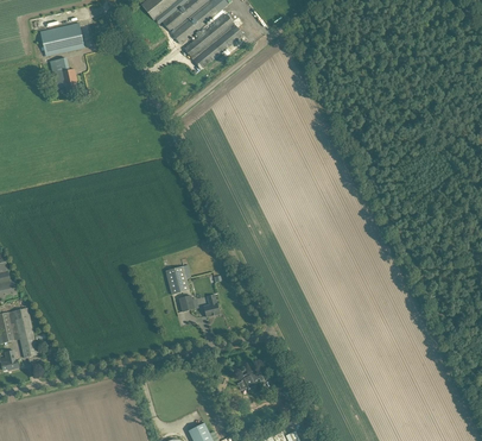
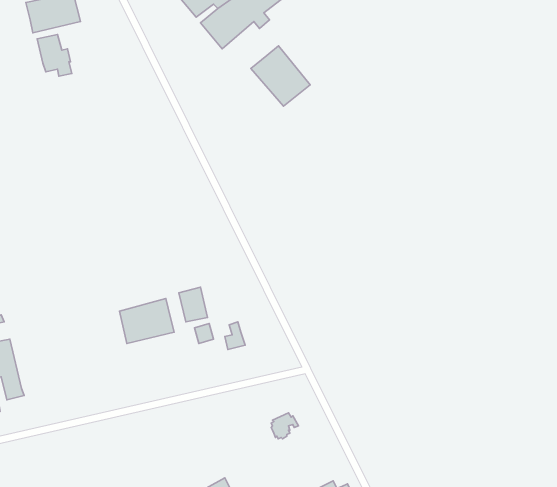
building: none -> [251,46,310,106]
building: none -> [120,298,174,343]

